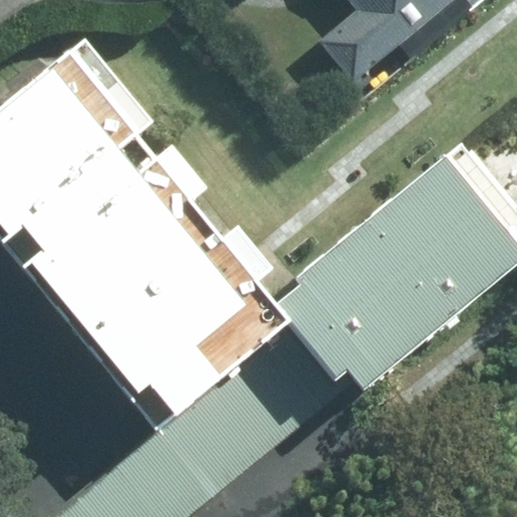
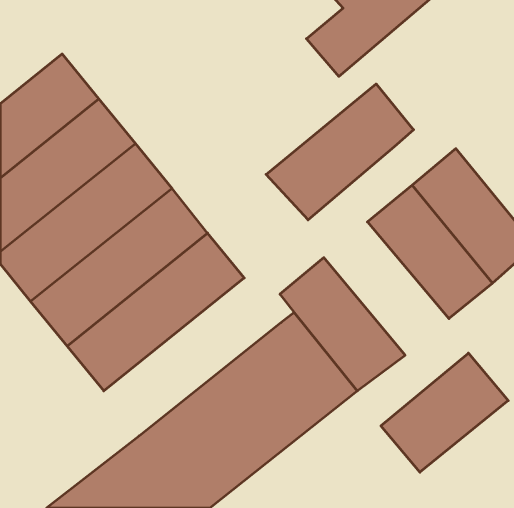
building: none -> [266,84,414,220]
building: [327,220,451,352] -> none
building: [109,276,285,432] -> none
building: none -> [381,353,508,472]

